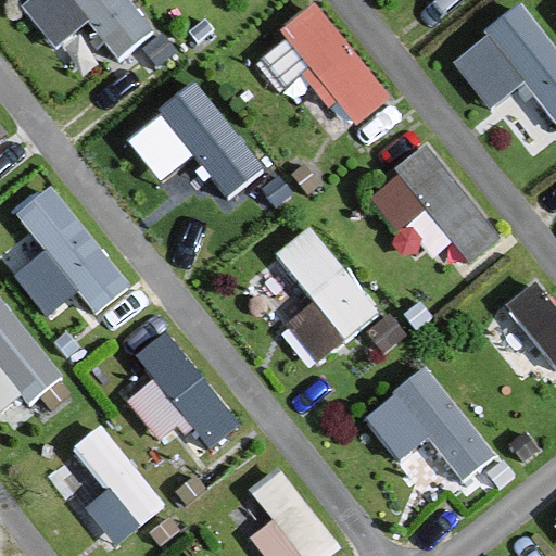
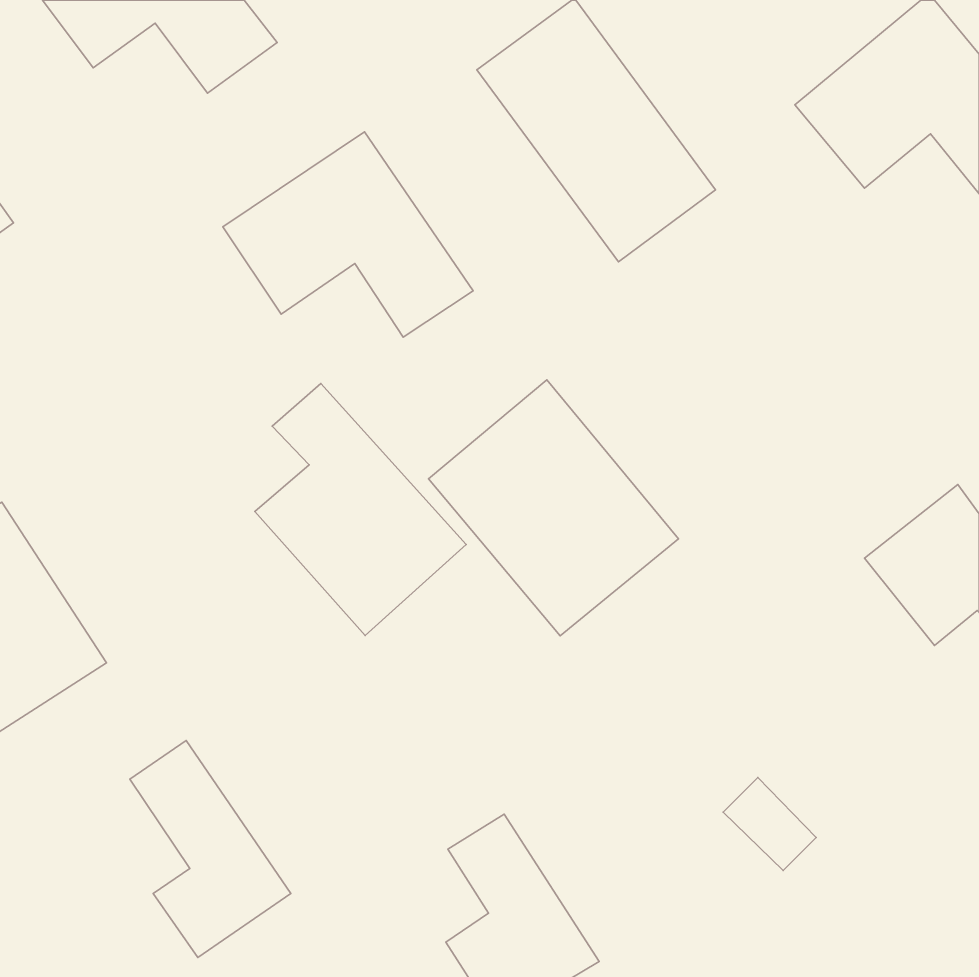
building: [368,144,504,282] -> none
building: [15,186,132,315] -> none
building: [125,332,243,473] -> [255,384,466,636]
building: [364,366,498,480] -> none

